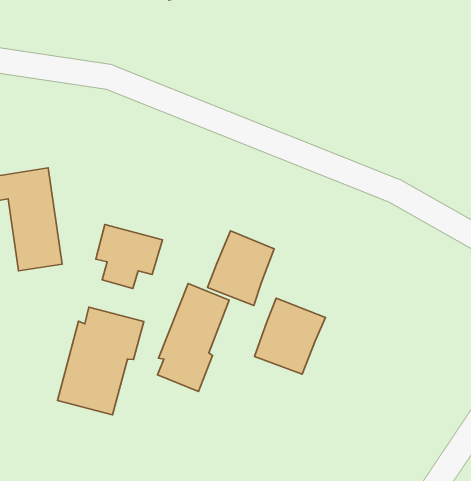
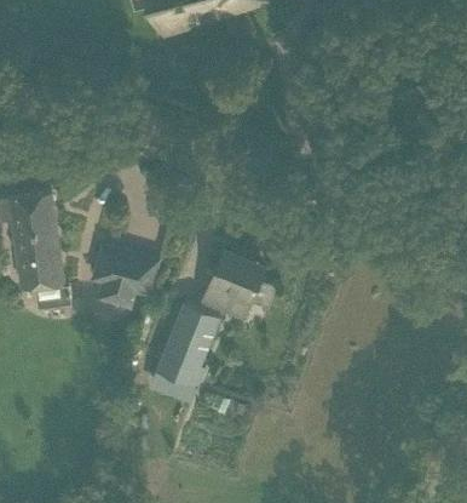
building: [255,298,326,374] -> none
building: [57,307,144,415] -> none

